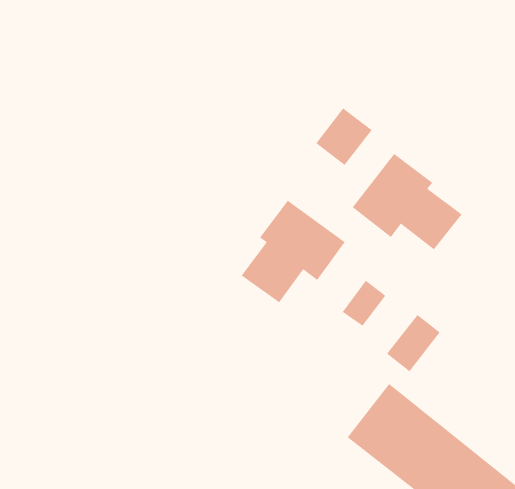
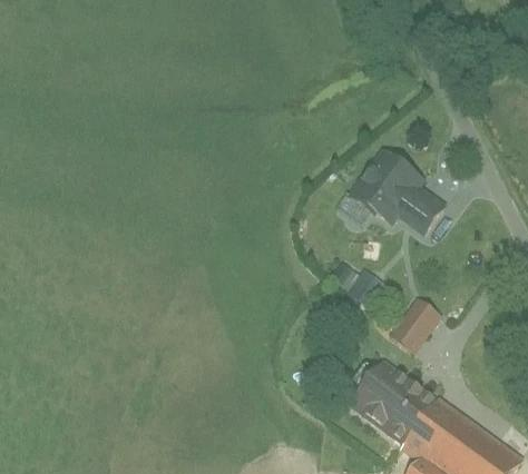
building: [315,107,372,166] -> none
building: [241,200,345,303] -> none

